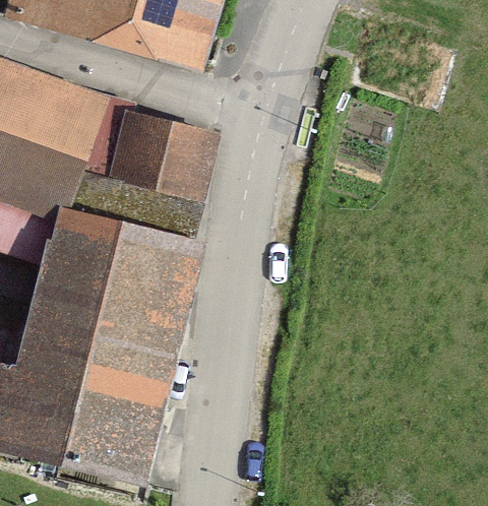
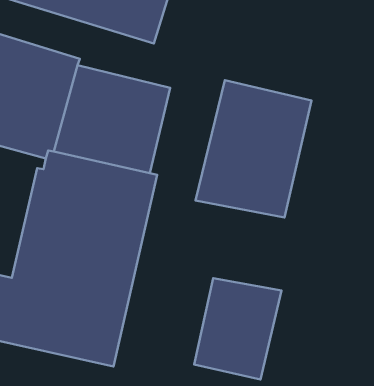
building: none -> [195,80,311,218]
building: none -> [194,278,281,380]

